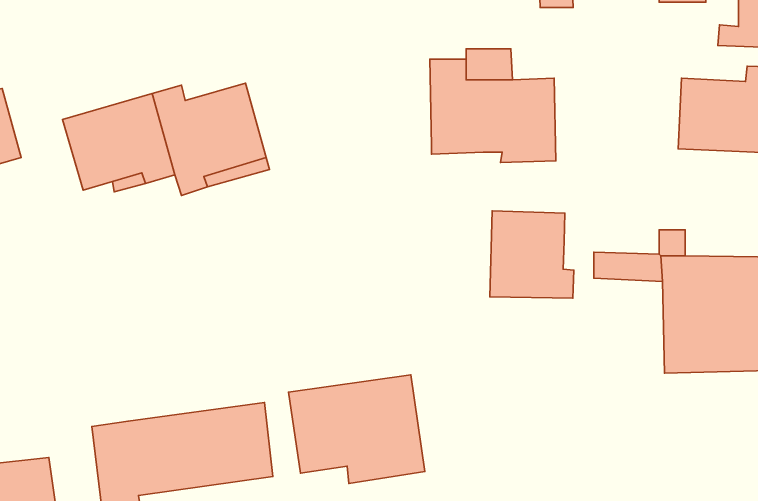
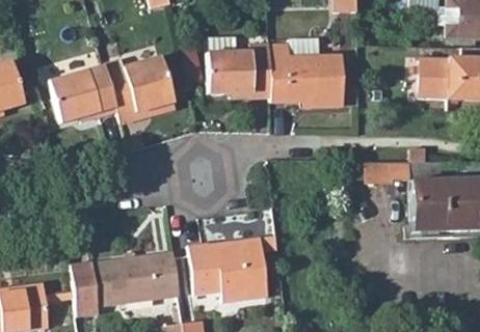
building: none -> [210,45,272,99]
building: [490,211,574,298] -> none

